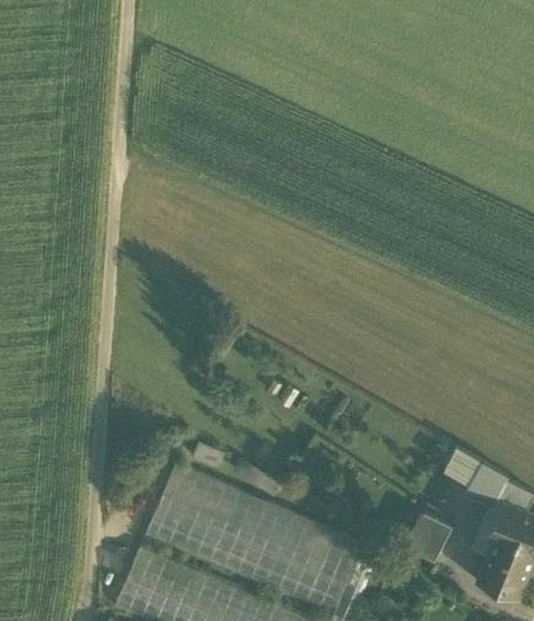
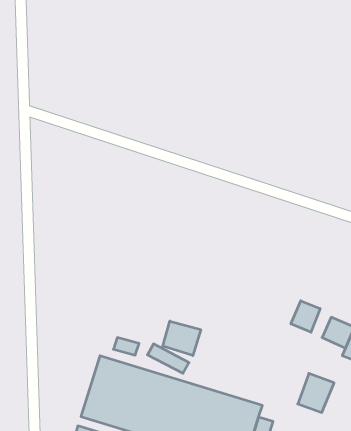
building: none -> [291,301,320,332]
building: none -> [163,321,201,356]

